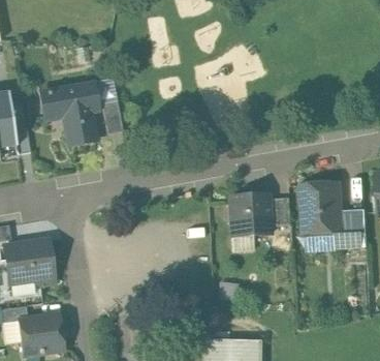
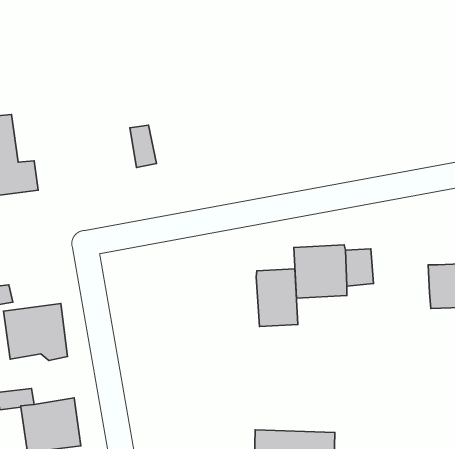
building: [39,84,97,146] -> none
building: [300,182,340,233] -> none
building: none -> [256,269,298,327]

